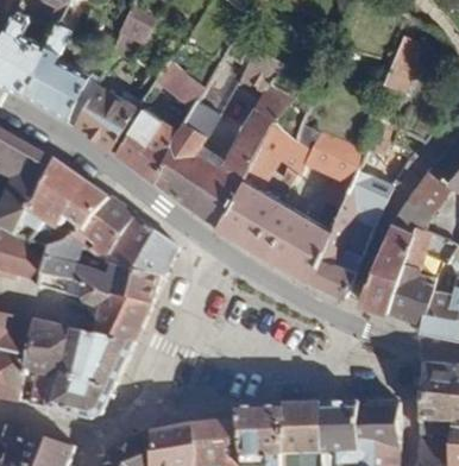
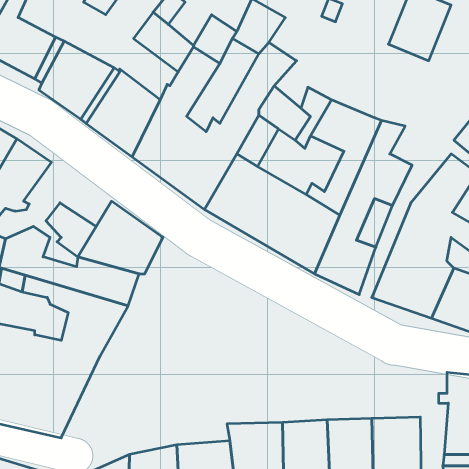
building: [61,184,107,234] -> none

